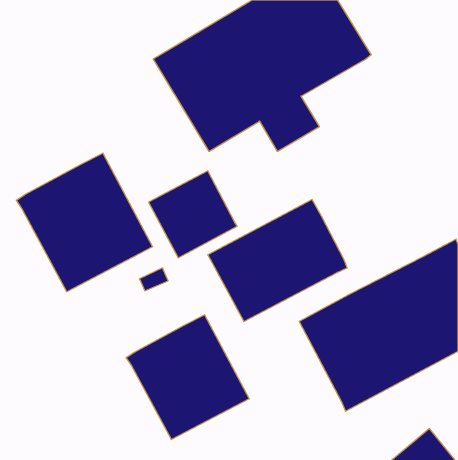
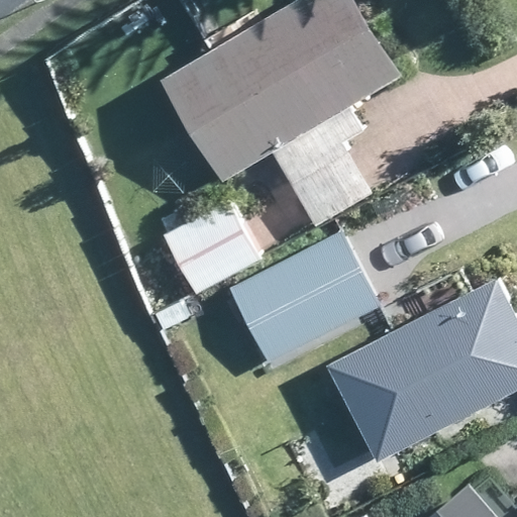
building: [16,153,153,292] -> none
building: [126,315,249,440] -> none

